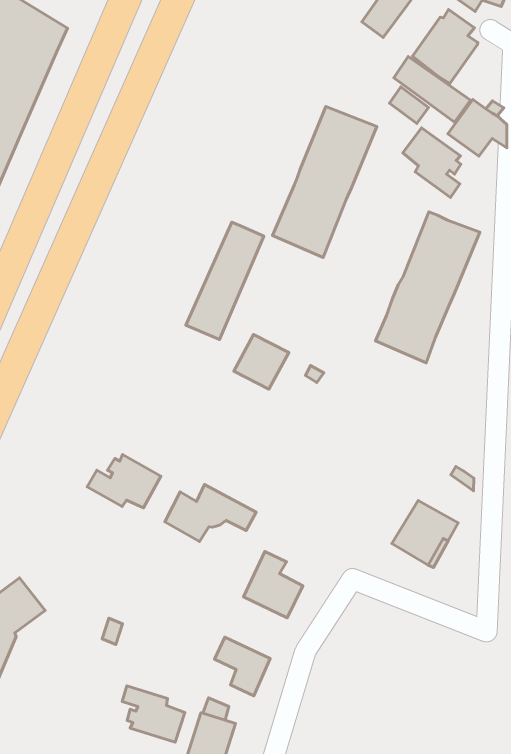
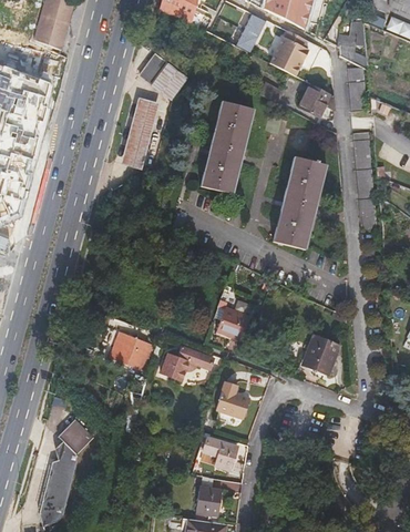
building: none -> [140,53,188,99]
building: [394,57,470,122] -> none
building: [403,128,461,197] -> none
building: [186,222,264,339] -> [120,96,160,170]
building: [234,334,289,389] -> [216,307,248,339]
building: [122,686,185,742] -> none

